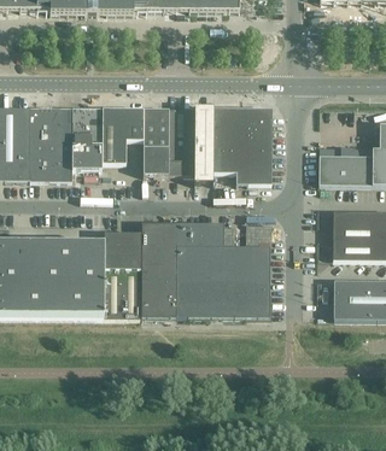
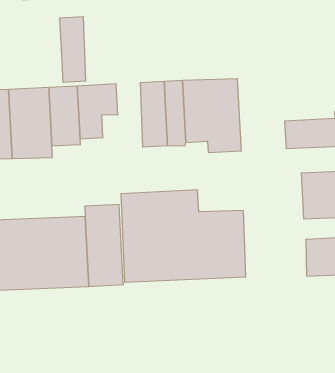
building: [144,106,169,174] -> [59,17,86,82]

